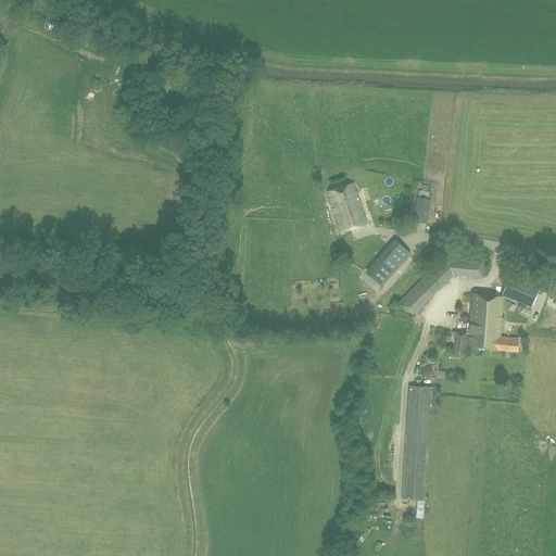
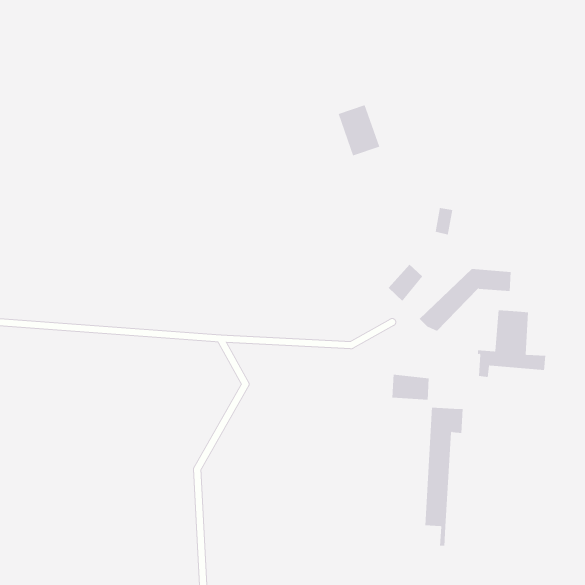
building: [326,182,366,231] -> [338,105,380,156]
building: [501,274,539,306] -> none
building: none -> [392,374,429,400]

